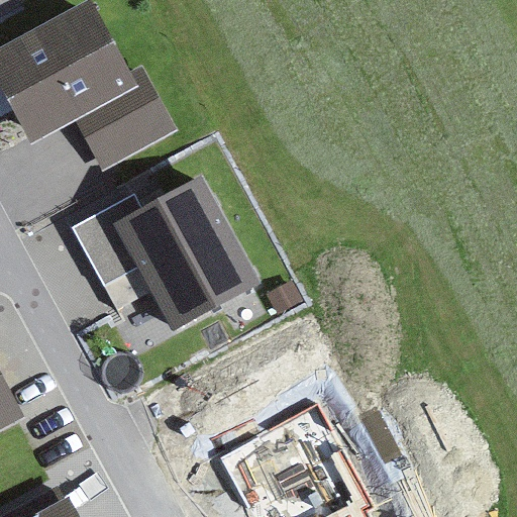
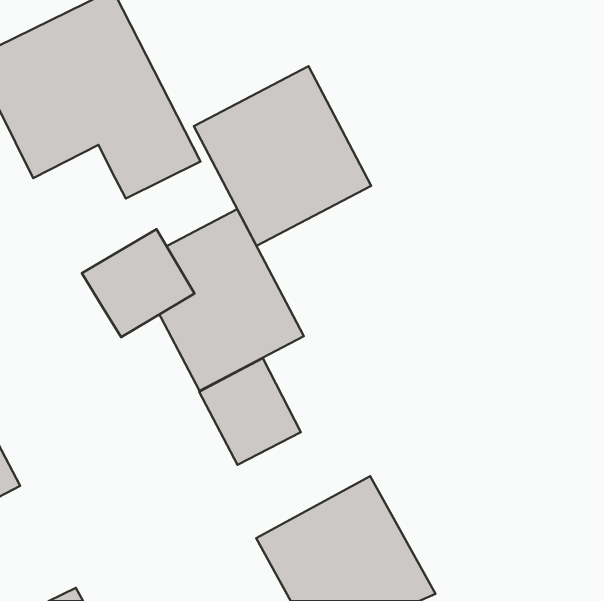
building: none -> [194,66,371,246]
building: none -> [199,358,301,465]

